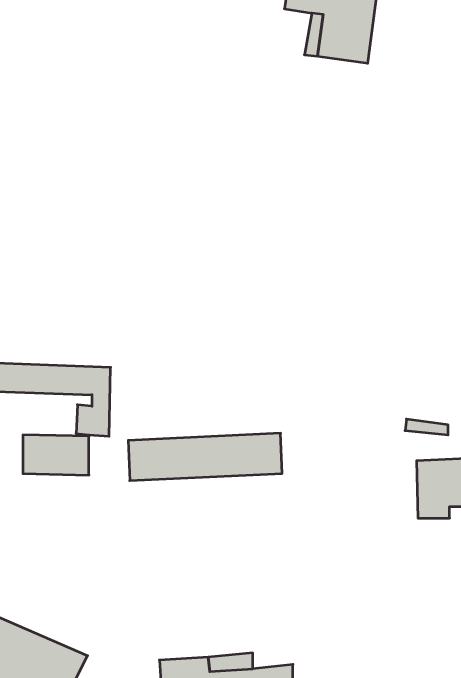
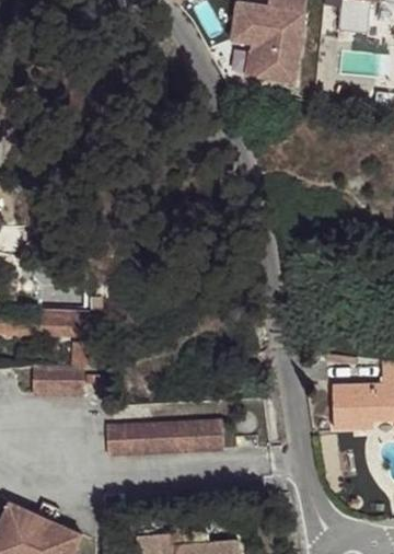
building: [128,433,282,481] -> [105,419,222,455]

